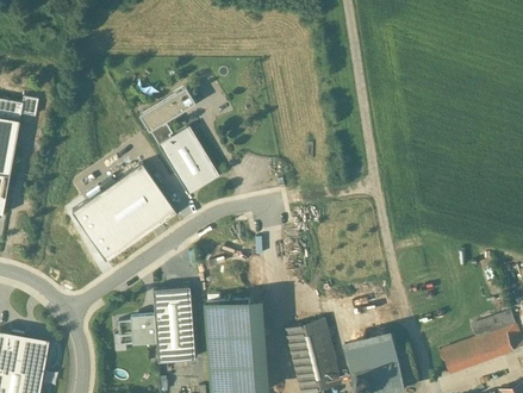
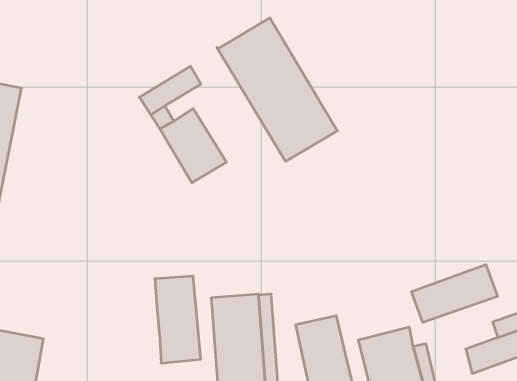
building: none -> [217,18,337,161]
building: [70,168,174,266] -> none
building: none -> [412,265,498,322]
building: [118,314,157,344] -> none

